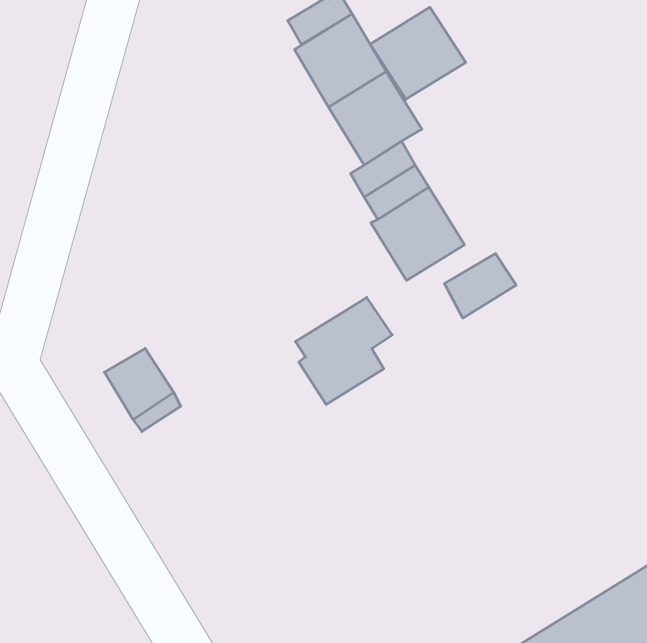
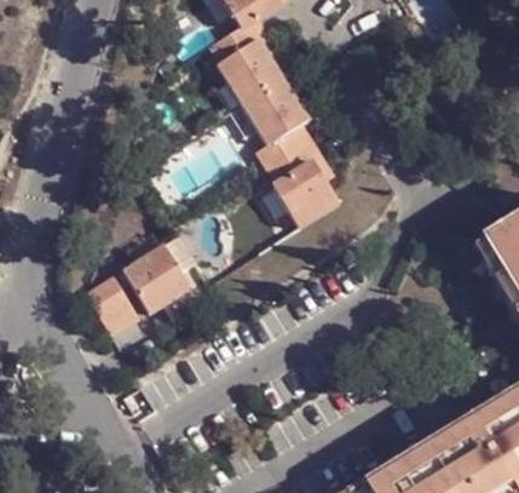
building: [370,7,466,99] -> none
building: [444,254,516,318] -> none
building: [295,297,392,404] -> [123,231,192,308]

